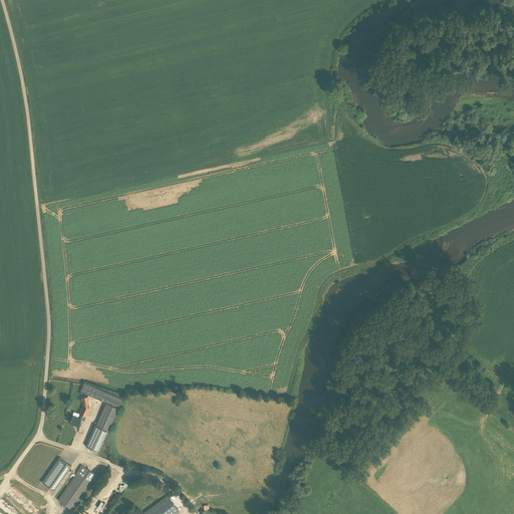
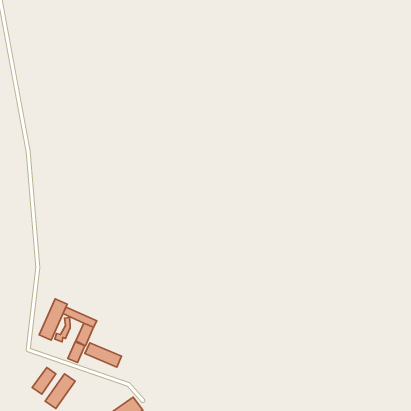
building: none -> [39,299,67,340]
building: none -> [85,343,122,367]

